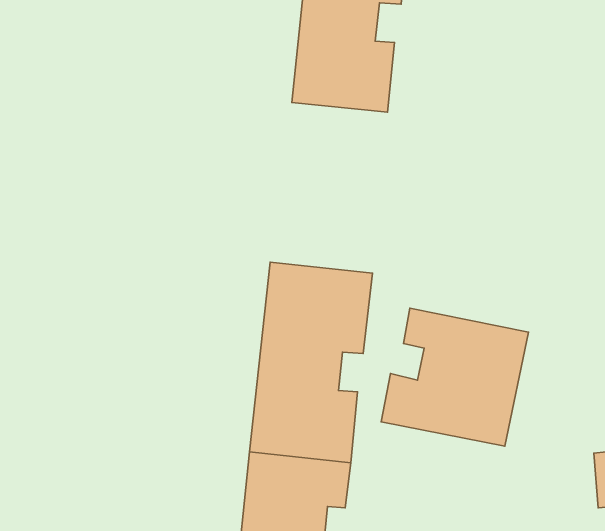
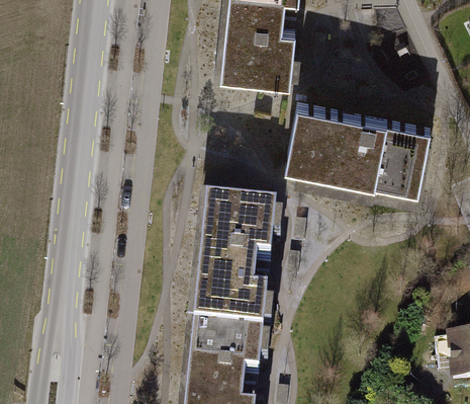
building: none -> [286,110,431,199]
building: [381,308,528,446] -> none

